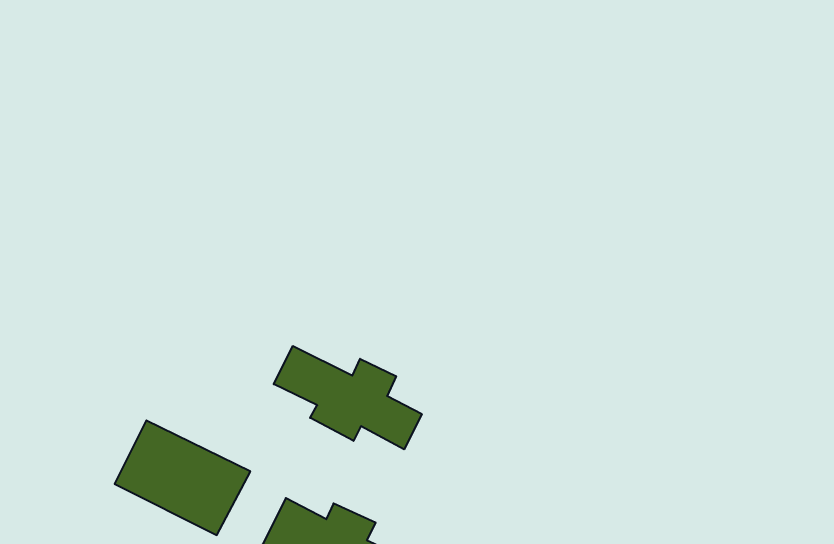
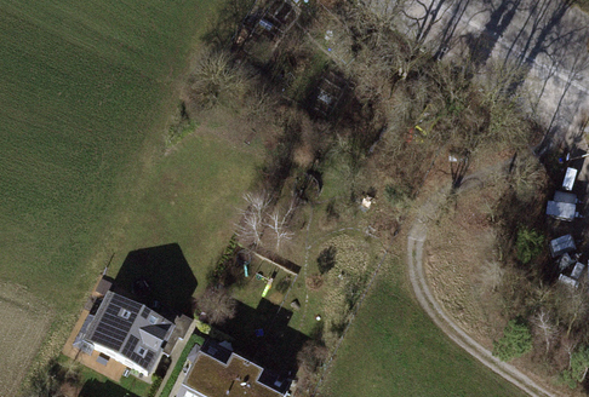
building: [274,346,422,449] -> none

